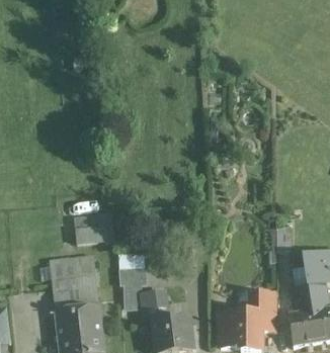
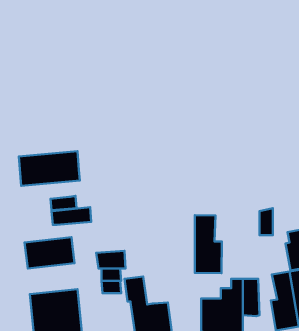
building: none -> [19,151,80,186]
building: none -> [195,215,222,273]
building: [52,279,100,310] -> none

